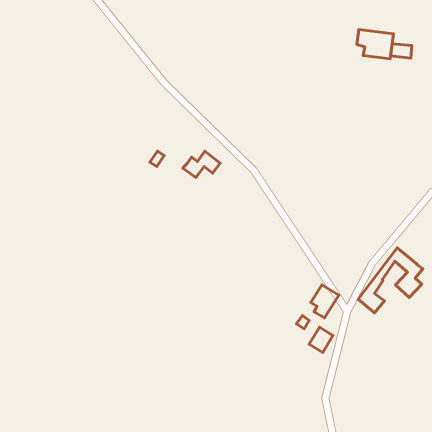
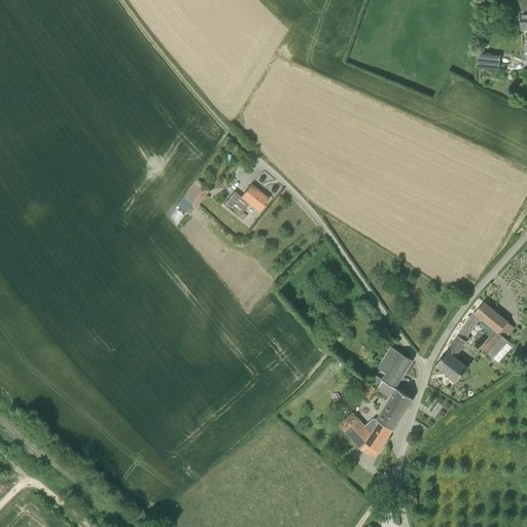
building: [357,30,394,59] -> none
building: none -> [338,412,392,451]

